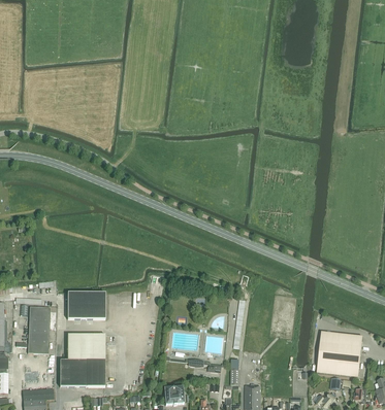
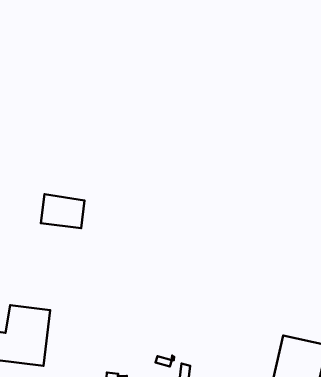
building: [68,293,105,319] -> [41,194,84,228]

